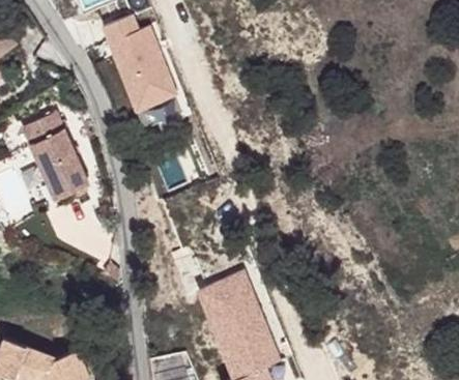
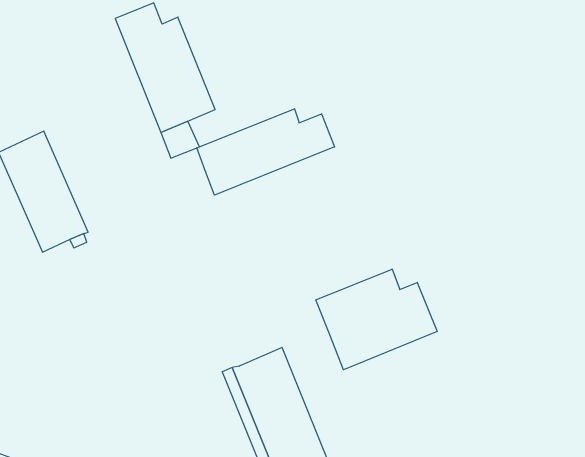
building: none -> [197,109,335,195]
building: none -> [316,269,437,370]

